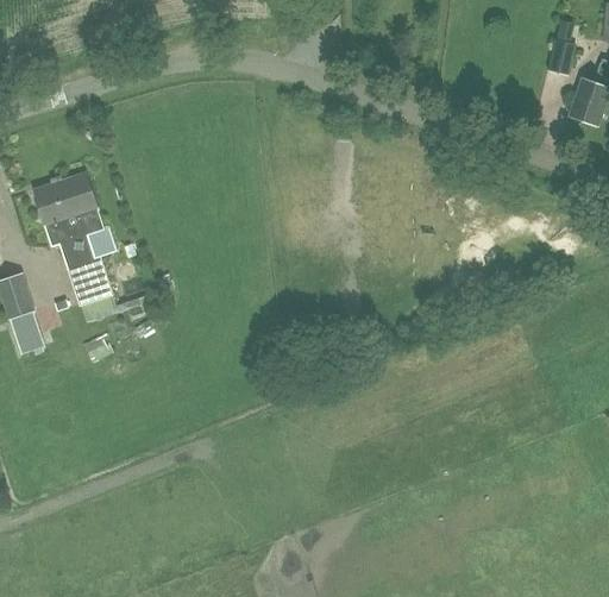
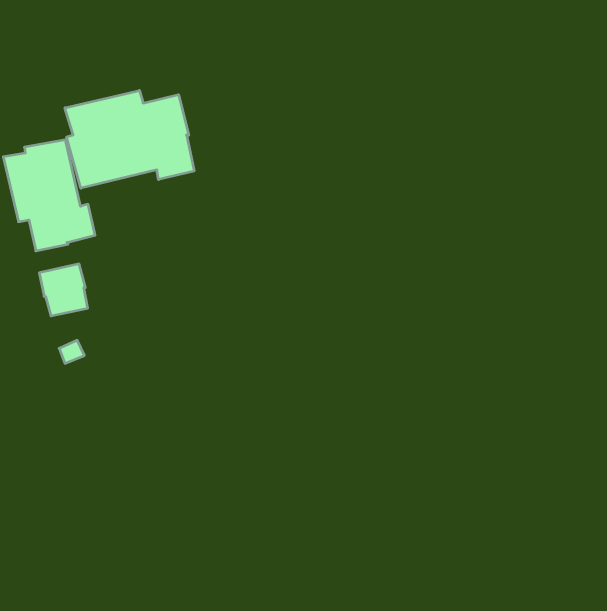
building: none -> [65,90,194,188]

